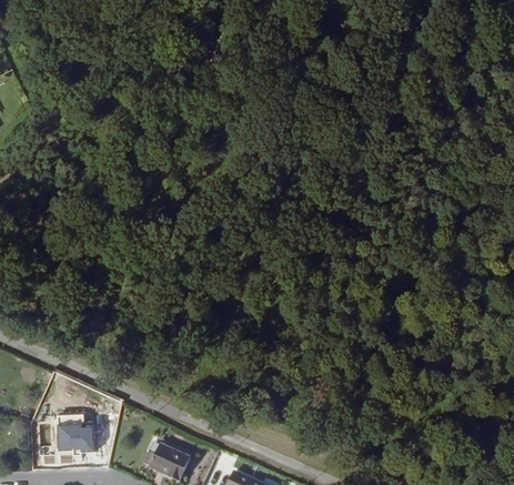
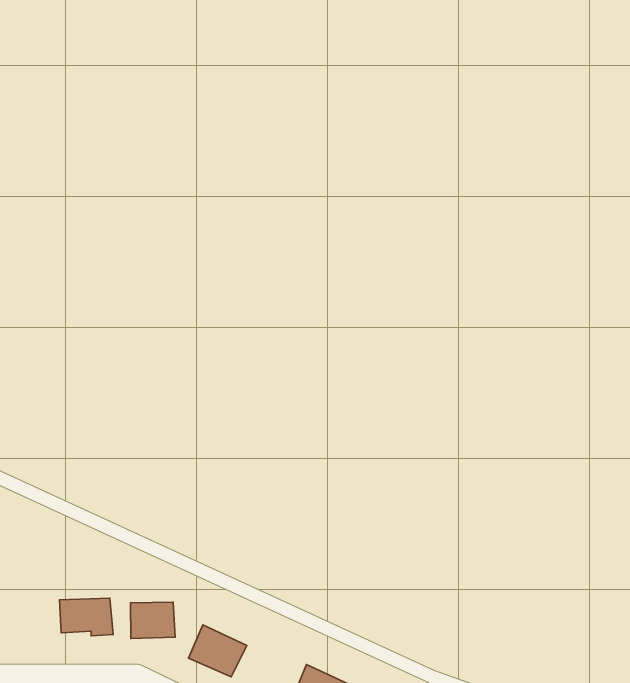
building: none -> [131,602,175,639]

